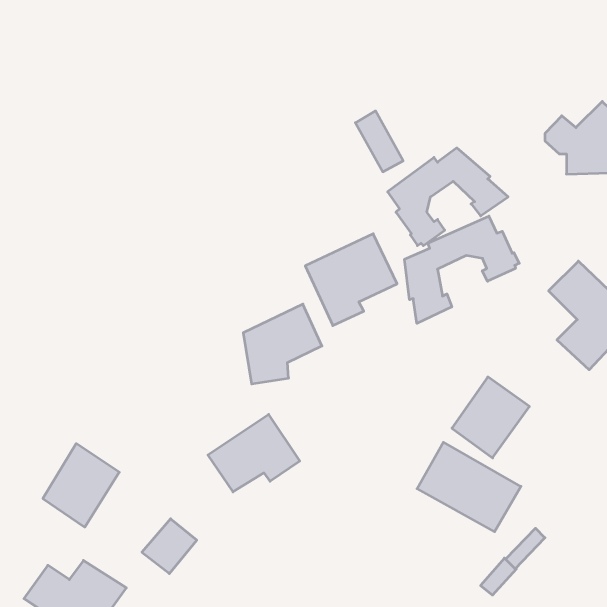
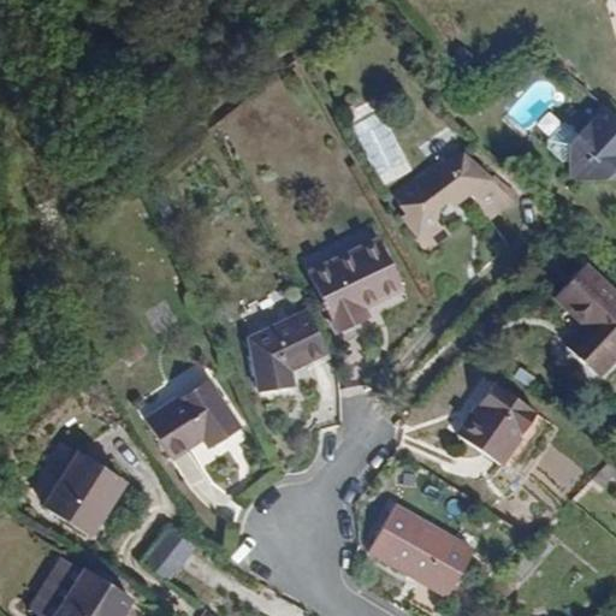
building: [405,216,519,323] -> none
building: [208,414,300,492] -> [146,378,238,456]
building: [417,442,521,532] -> [368,505,473,596]

